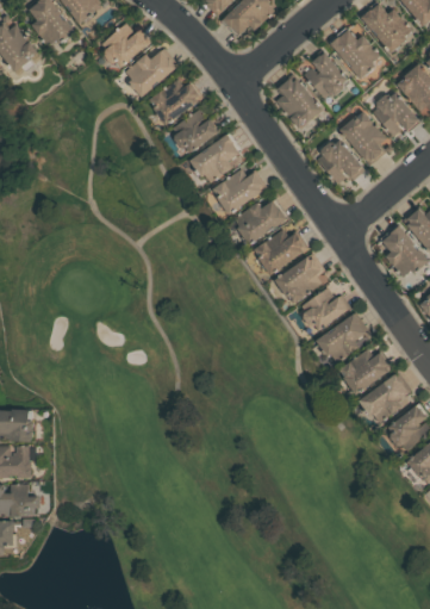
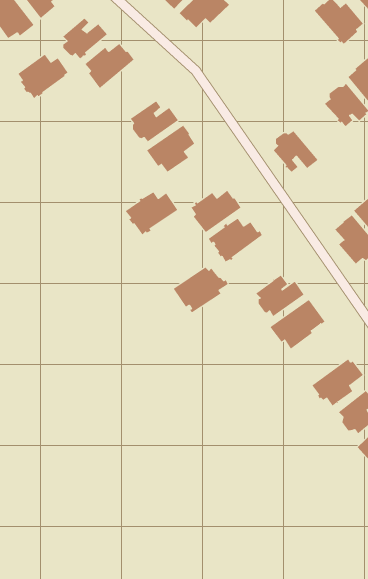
building: [330,27,380,79] -> none
building: [304,48,348,99] -> none
building: [275,76,323,129] -> none
building: [150,79,202,125] -> [17,54,69,99]
building: [341,111,393,166] -> none
building: [212,168,267,213] -> [125,191,178,236]
building: [274,256,331,304] -> [173,267,229,313]
building: [338,347,393,394] -> none

